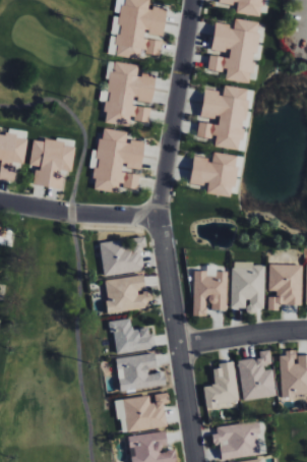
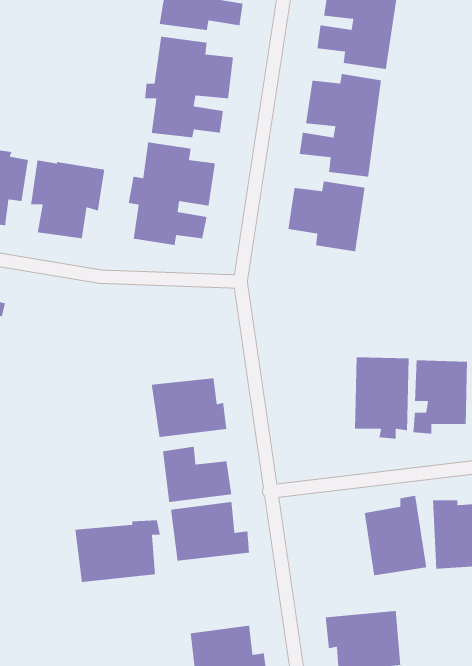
building: [100,237,146,277] -> none
building: [192,266,228,316] -> none
building: [203,362,239,409] -> none
building: [116,393,170,432] -> [75,519,161,583]

